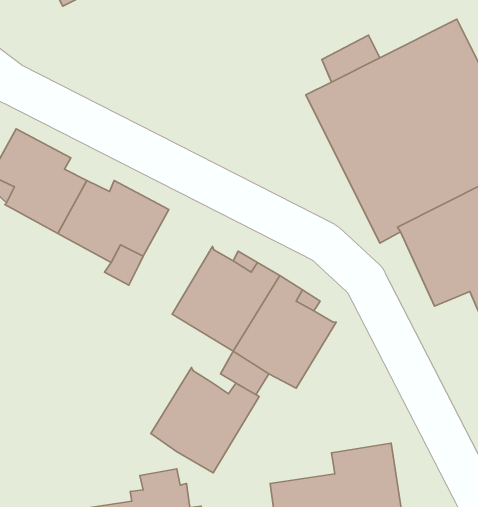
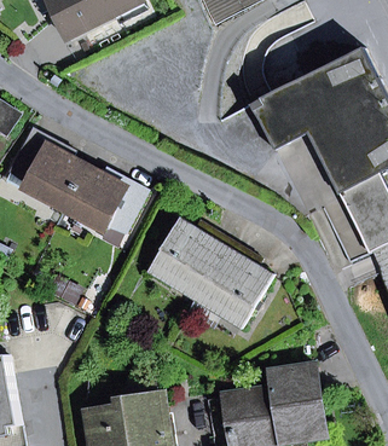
building: [151,367,259,473] -> none

